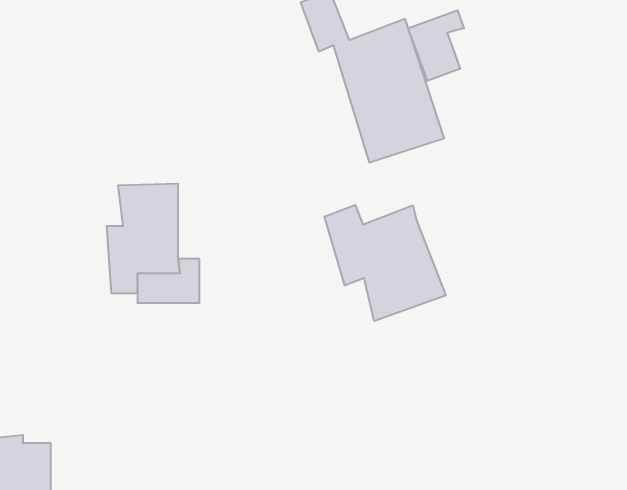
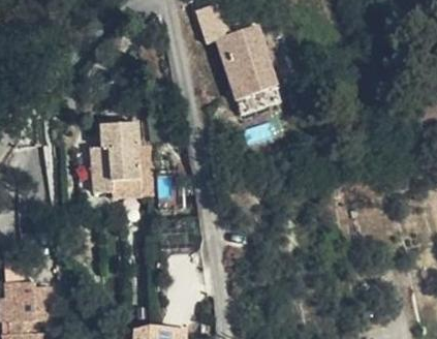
building: [408,10,464,81] -> none
building: [324,205,446,321] -> none

